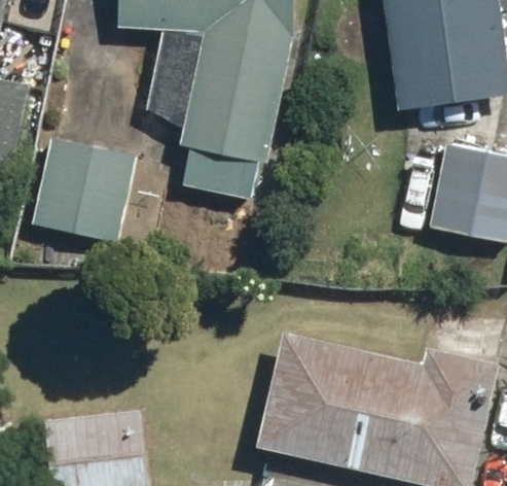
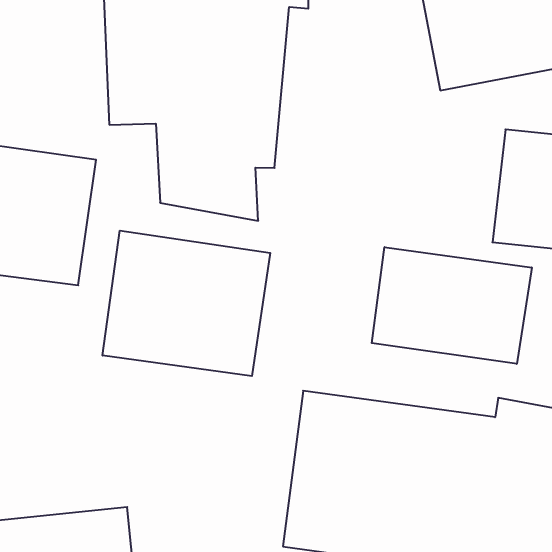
building: none -> [103,231,270,376]
building: none -> [372,247,532,364]

